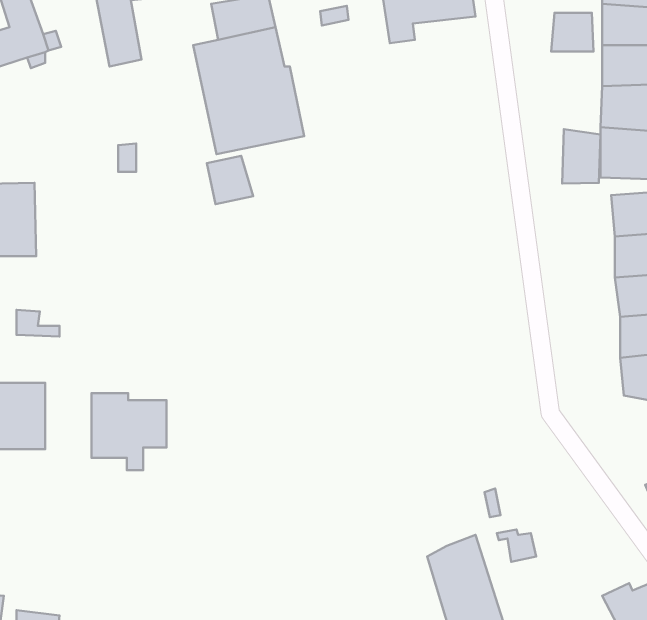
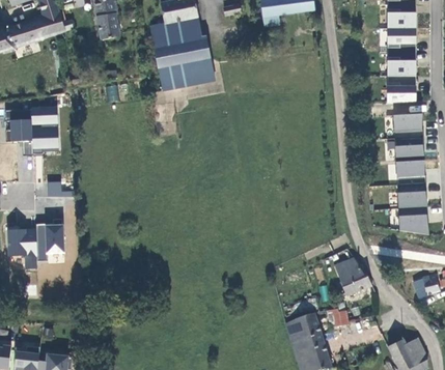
building: [551,13,593,51] -> none
building: [562,129,600,183] -> none
building: [207,156,253,204] -> none
building: [91,393,166,470] -> none
building: none -> [334,257,371,295]

